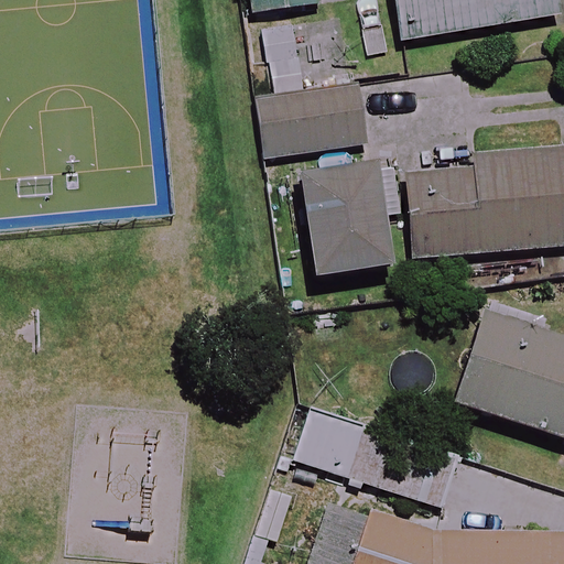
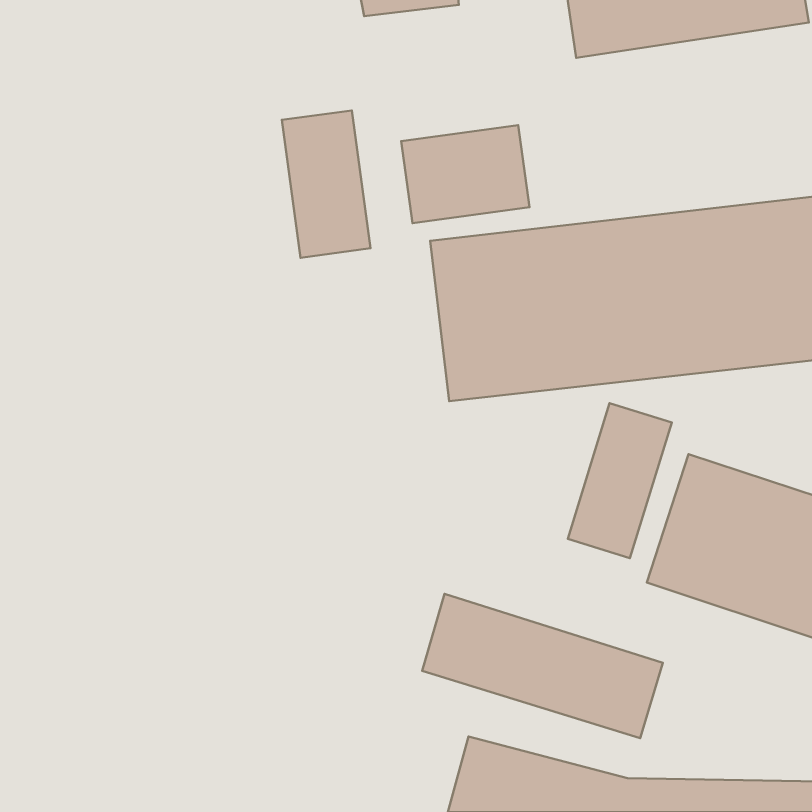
building: none -> [282,110,371,258]
building: none -> [568,403,672,558]

